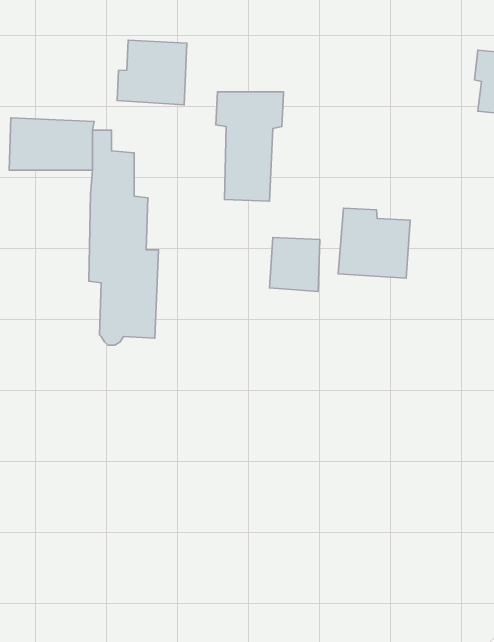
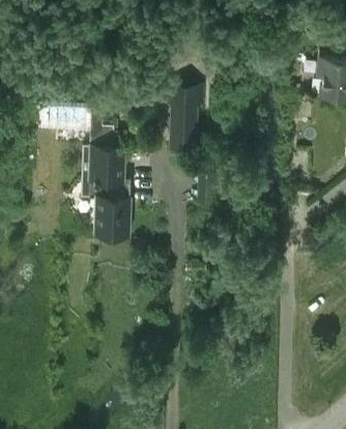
building: [117,40,187,105] -> none
building: [338,208,410,278] -> none

